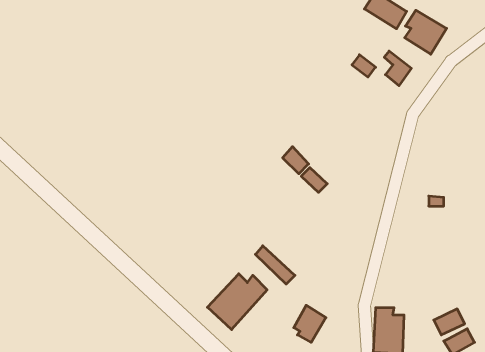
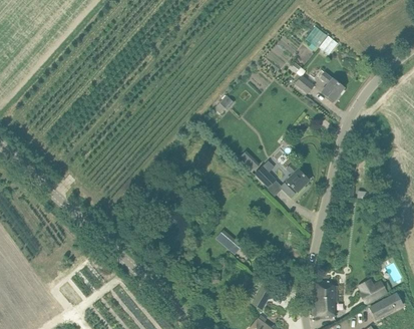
building: [405,10,447,54] -> none
building: none -> [281,163,308,197]
building: [207,274,267,330] -> none

